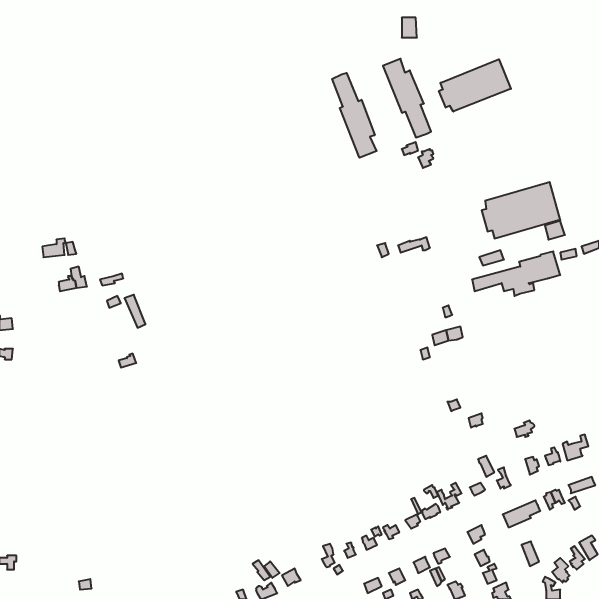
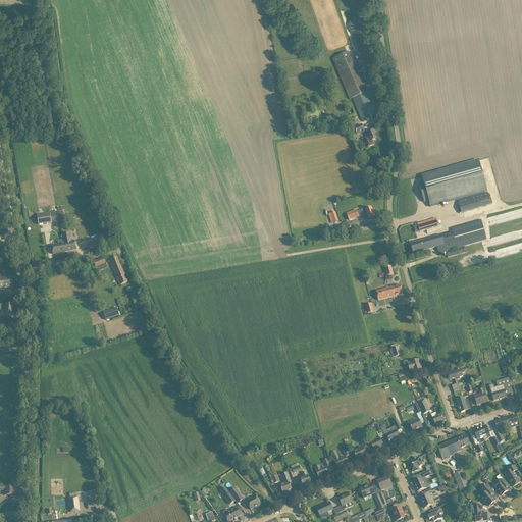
building: [439,59,511,112] -> none
building: [332,73,377,158] -> none

